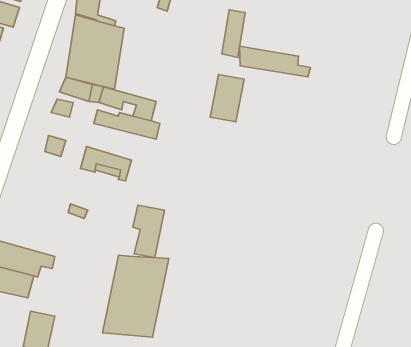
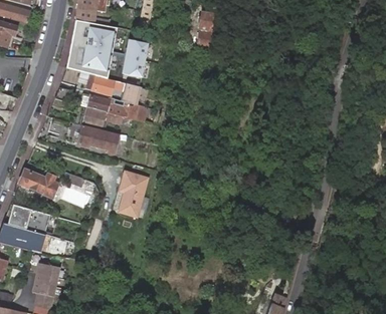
building: [240,46,311,77] -> none
building: [210,74,244,122] -> [121,39,149,78]
building: none -> [84,108,125,127]
building: none -> [18,161,58,198]
building: [102,255,169,337] -> none

